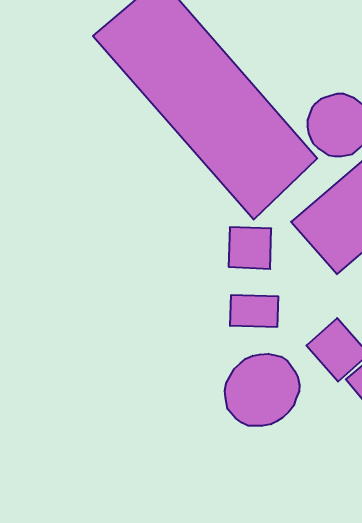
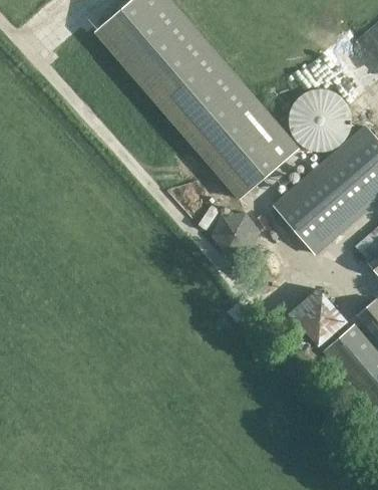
building: [230,295,278,327] -> none
building: [225,354,299,426] -> none

